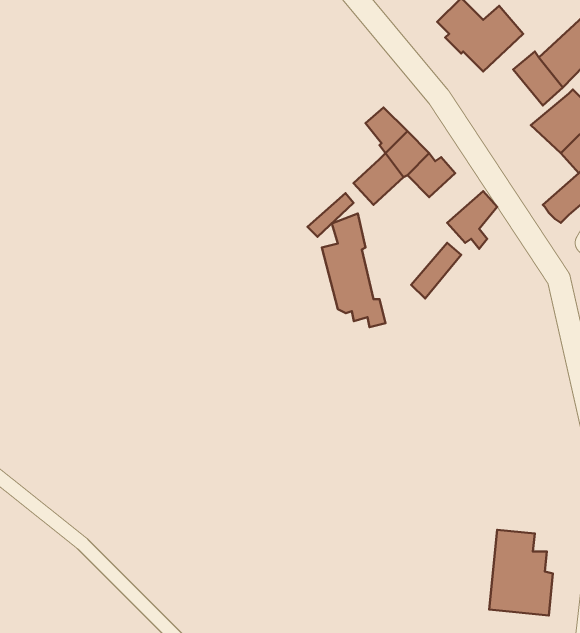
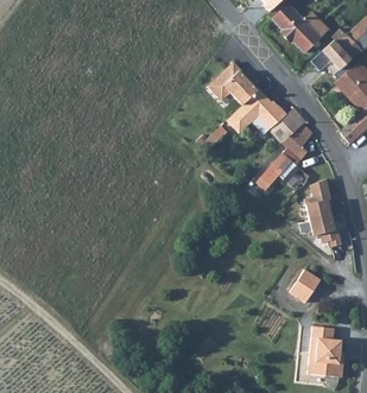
building: none -> [208,61,246,104]
building: none -> [270,108,305,142]
building: [322,214,386,327] -> [304,179,342,247]
building: none -> [290,268,321,302]

